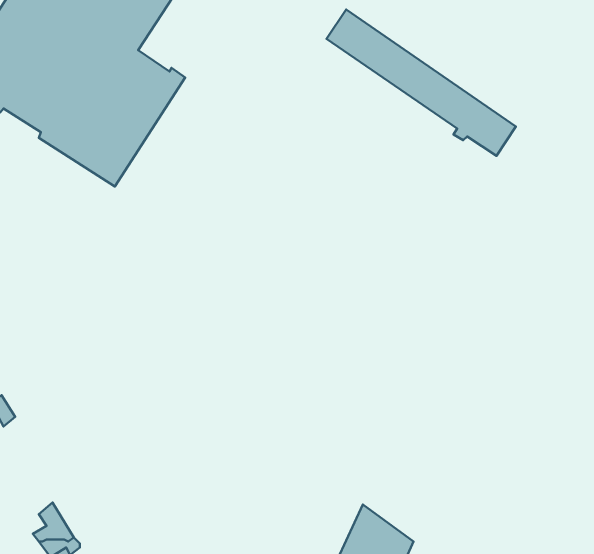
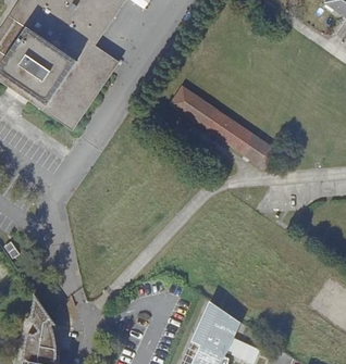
building: [327,10,516,156] -> [173,87,279,168]

